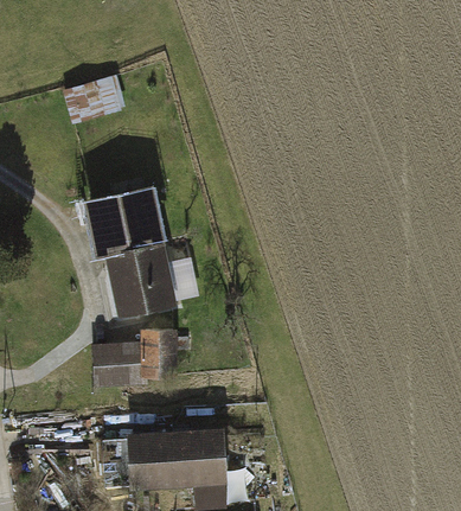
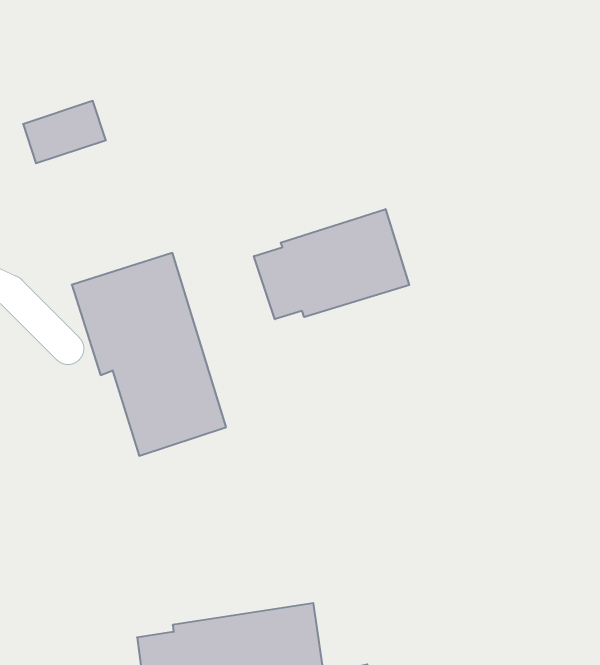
building: none -> [254,209,409,319]
building: [91,326,175,387] -> none

